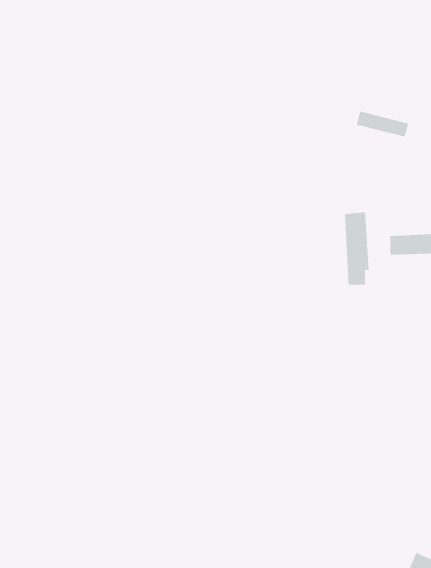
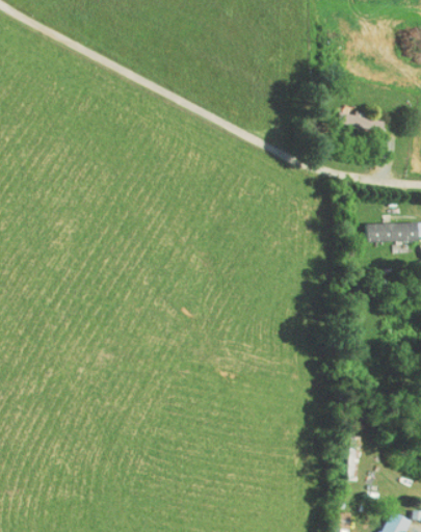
building: [345,212,369,286] -> none

